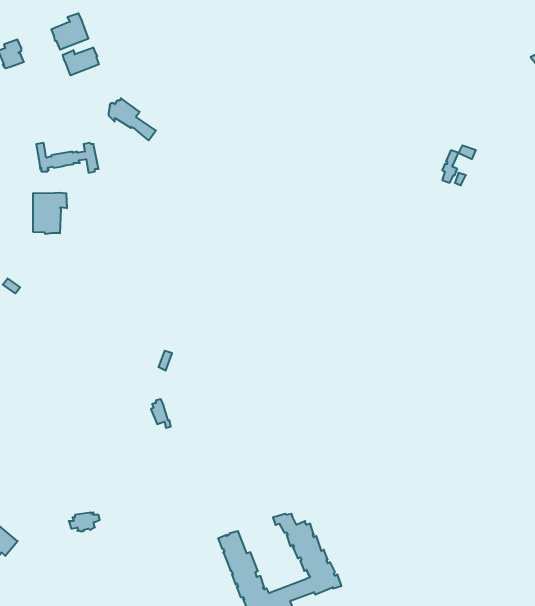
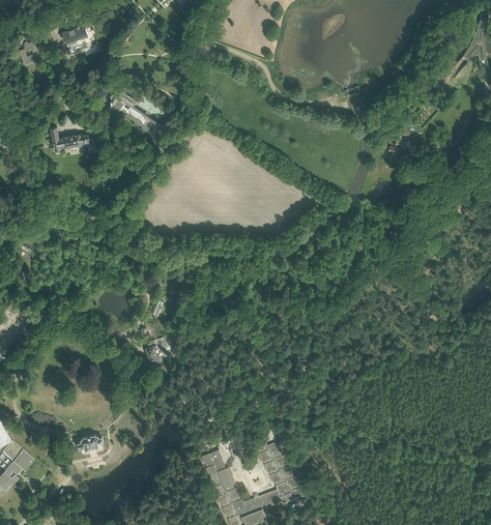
building: [63,47,99,75] -> none
building: [33,193,67,234] -> none

